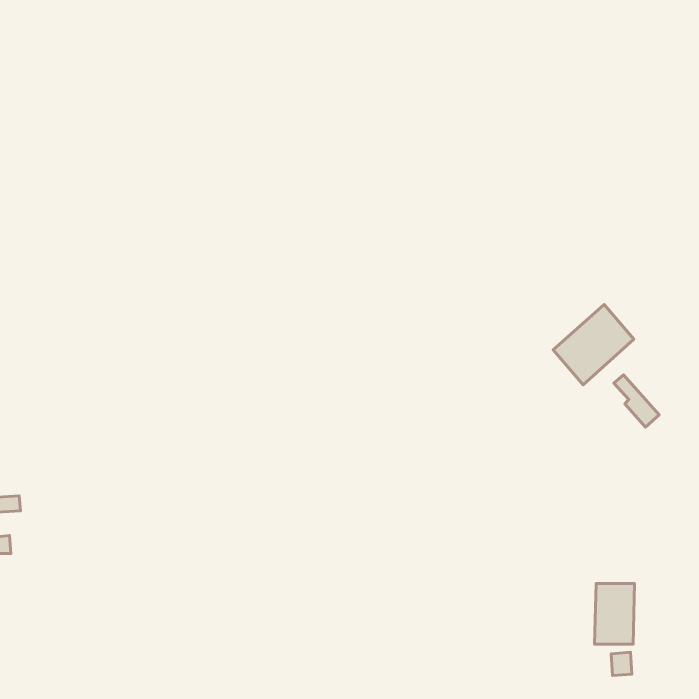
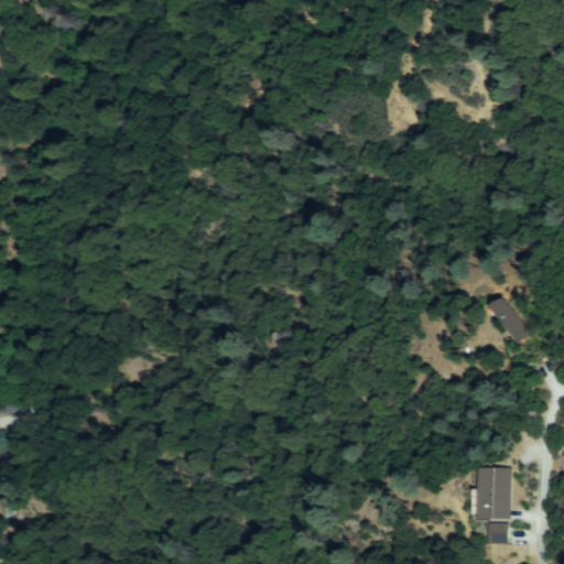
building: [553,304,634,385] -> none

